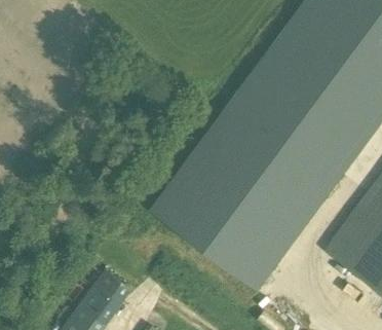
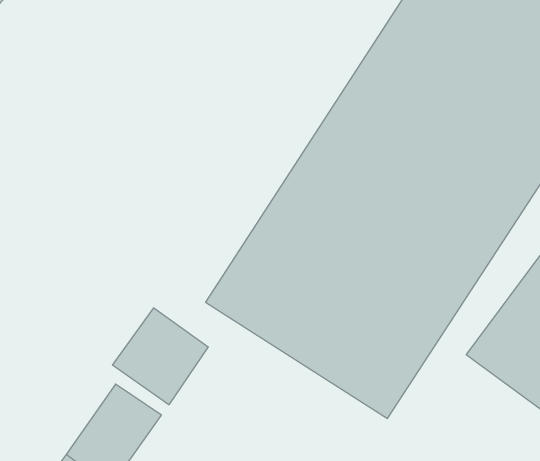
building: none -> [112,308,208,405]

